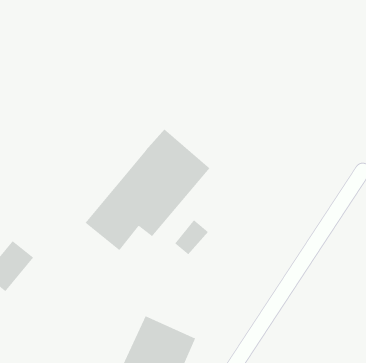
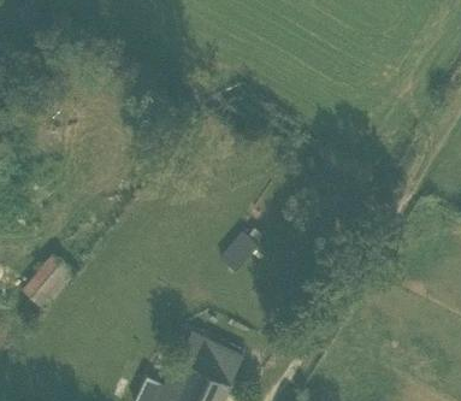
building: [85,129,211,251] -> none

